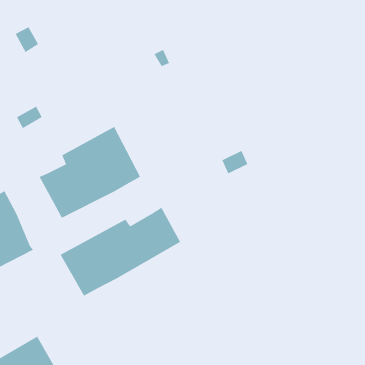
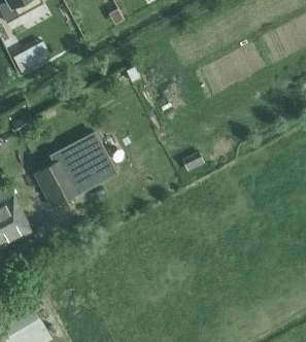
building: [60,207,181,297] -> none

